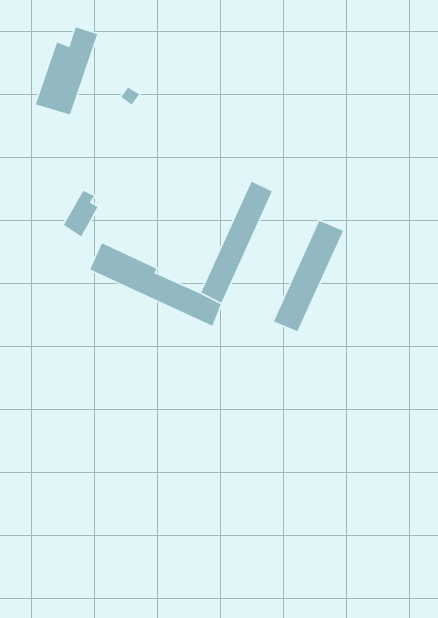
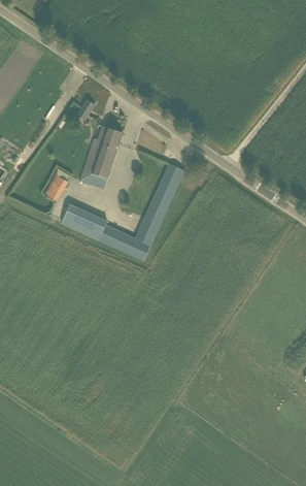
building: [35,26,98,115] -> [80,127,123,187]
building: [273,220,344,332] -> none

